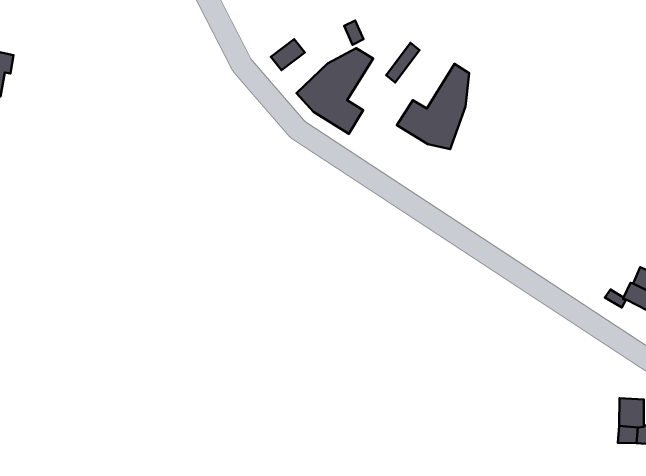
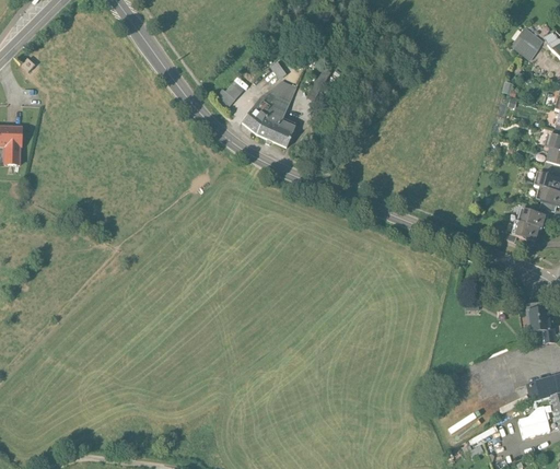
building: [397,64,469,149] -> none

